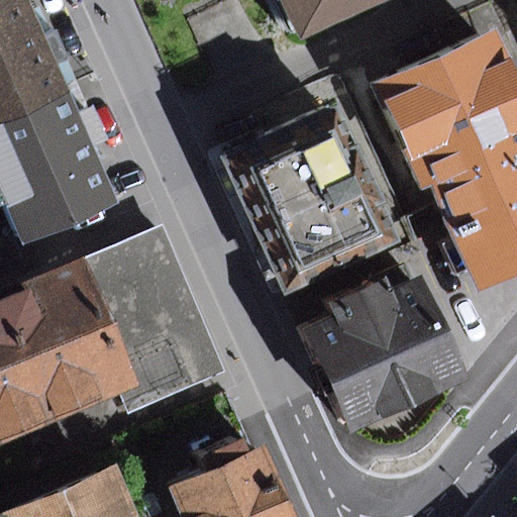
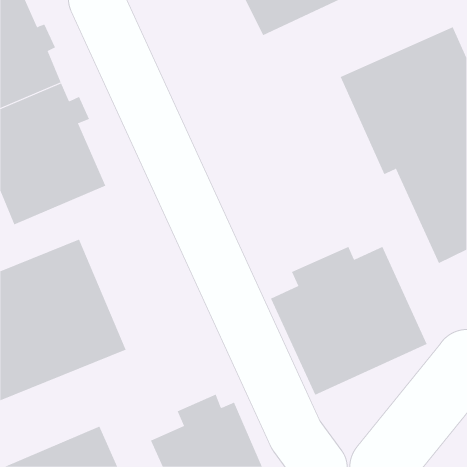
building: [224,105,402,296] -> none
building: [88,230,226,405] -> none

